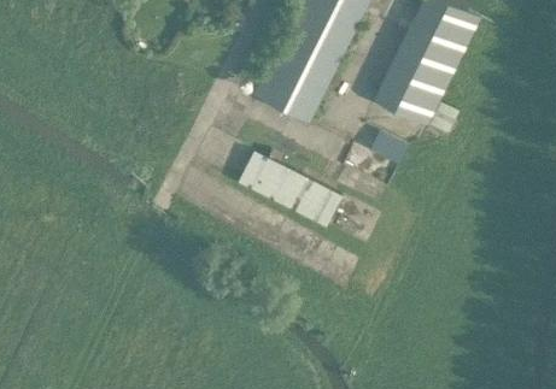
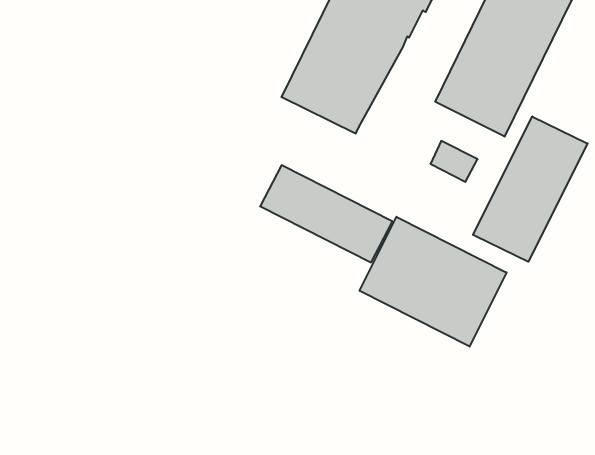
building: none -> [473,116,588,262]
building: none -> [360,217,507,347]

